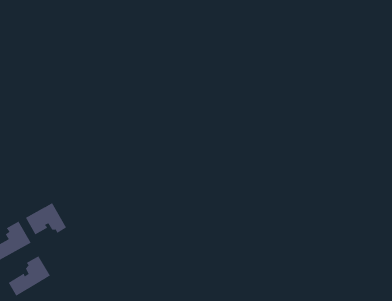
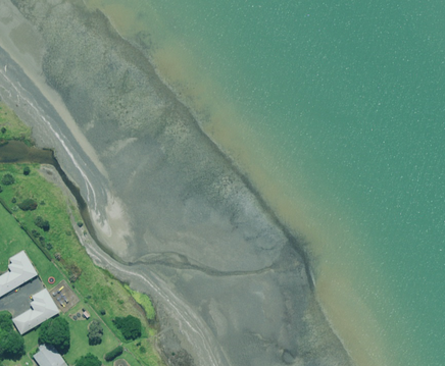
building: [25,202,67,235] -> none

